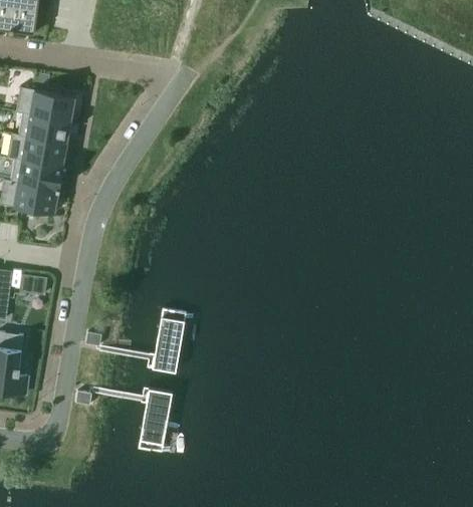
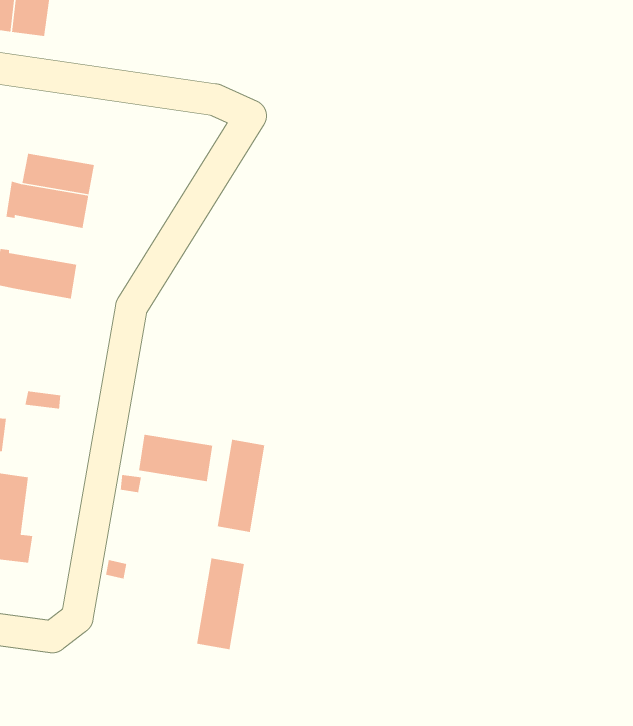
building: [16,85,74,120] -> none
building: [11,156,64,190] -> none
building: none -> [138,434,213,482]

